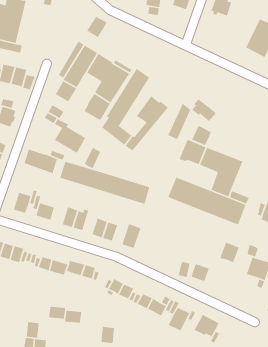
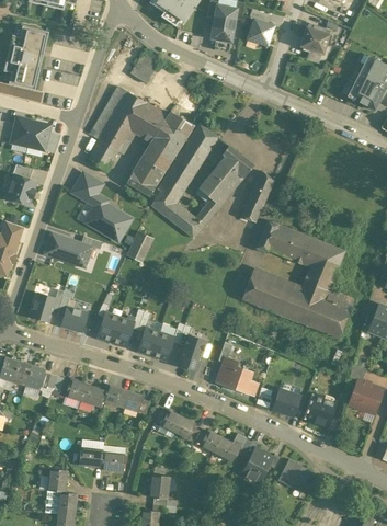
building: [191,99,217,122] -> [219,145,254,176]
building: [191,125,212,146] -> none
building: [59,161,150,205] -> none
building: none -> [218,358,255,392]
building: [219,241,240,263] -> [307,395,335,424]

